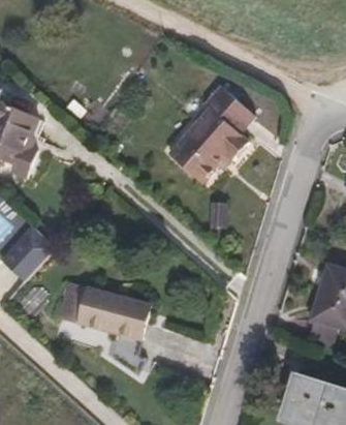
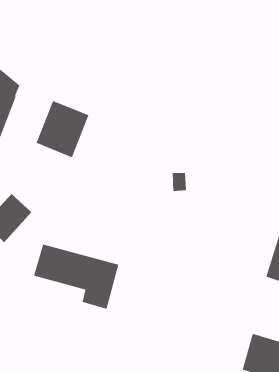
building: [168,86,249,179] -> none
building: none -> [36,100,89,158]

